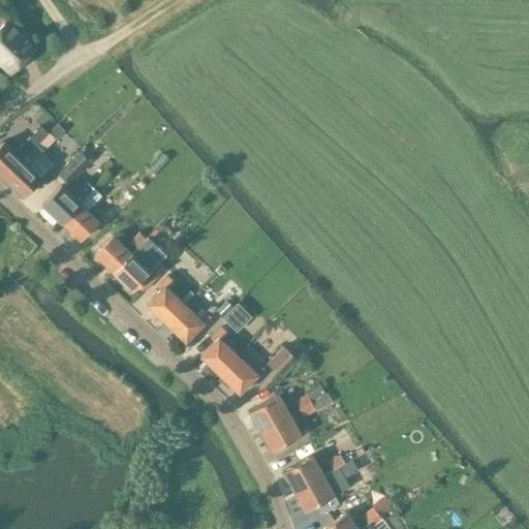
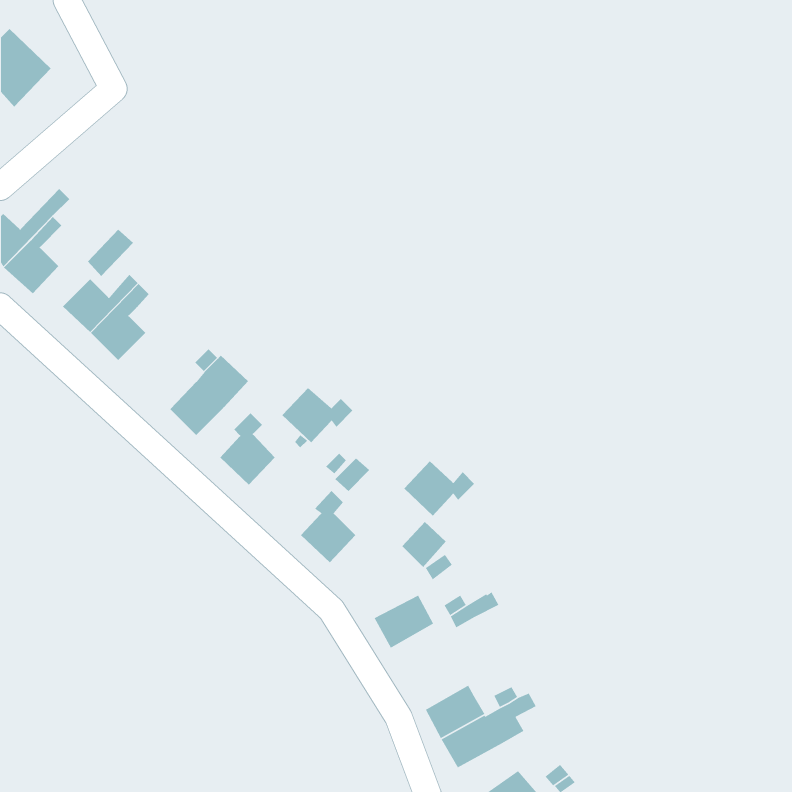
building: [96,237,132,274] -> none
building: [167,306,215,343] -> [282,387,353,443]
building: [221,357,269,395] -> [403,460,475,516]
building: [261,416,302,453] -> none

